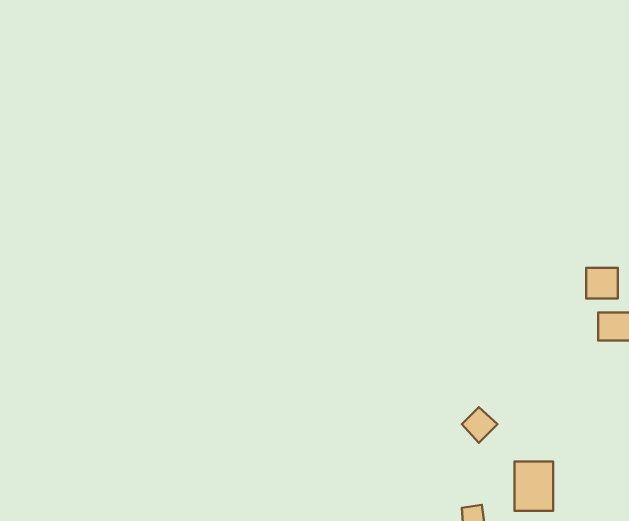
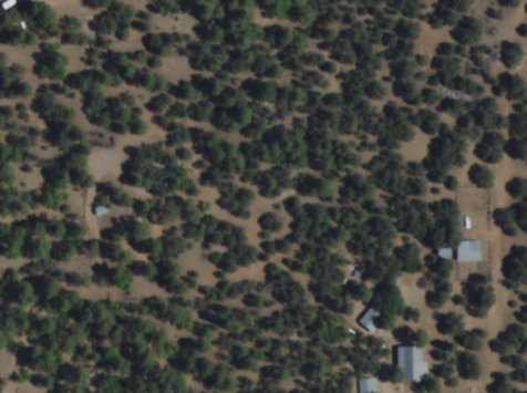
building: [586,268,618,298] -> none

